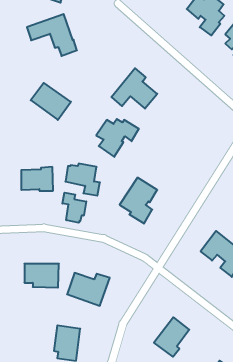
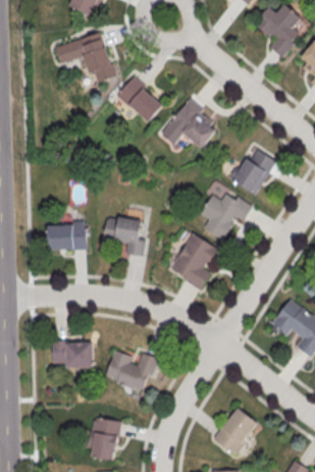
building: [31,83,71,120] -> [117,76,167,122]
building: none -> [229,150,276,195]
building: [96,119,139,157] -> [200,194,253,241]
building: [62,193,86,223] -> none

